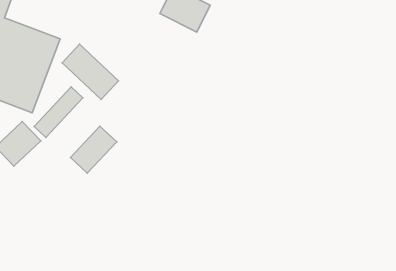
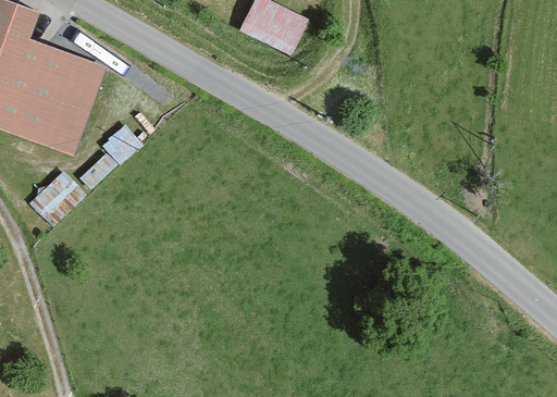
building: [62,44,119,99] -> none
building: [71,126,117,173] -> none

